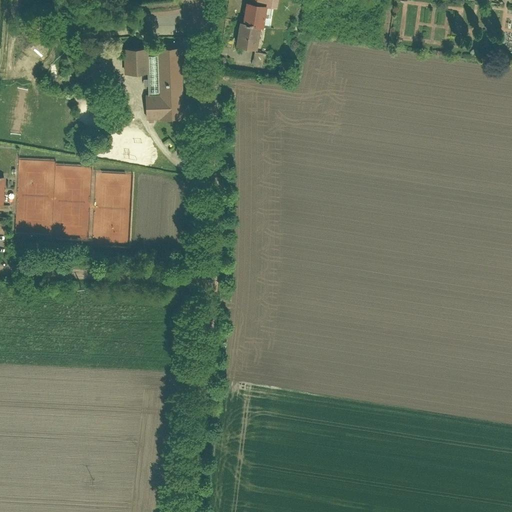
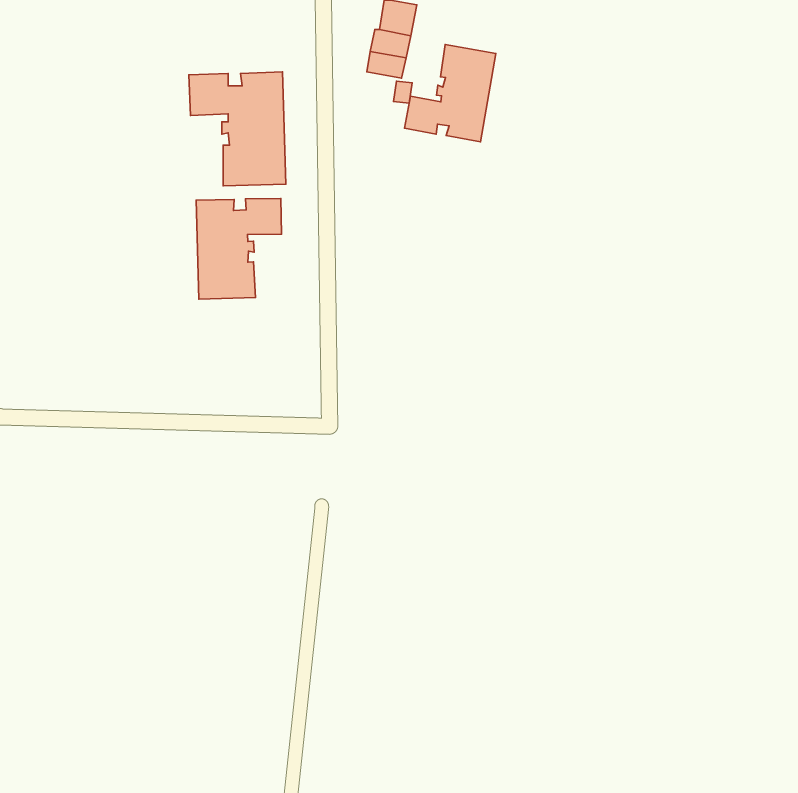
building: none -> [404,45,496,142]
building: none -> [196,198,282,299]

